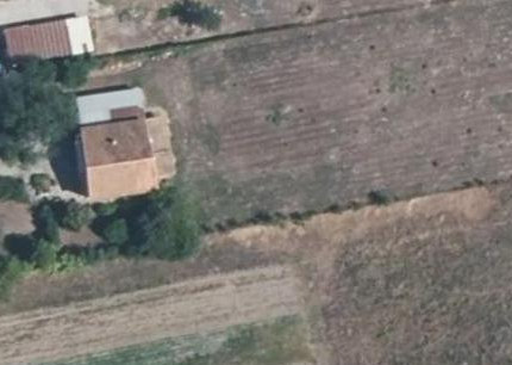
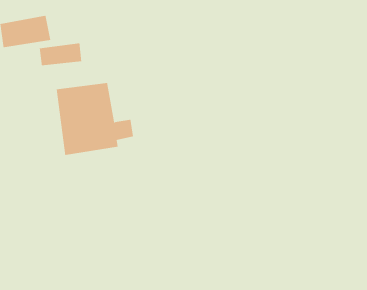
building: none -> [39,43,82,66]

